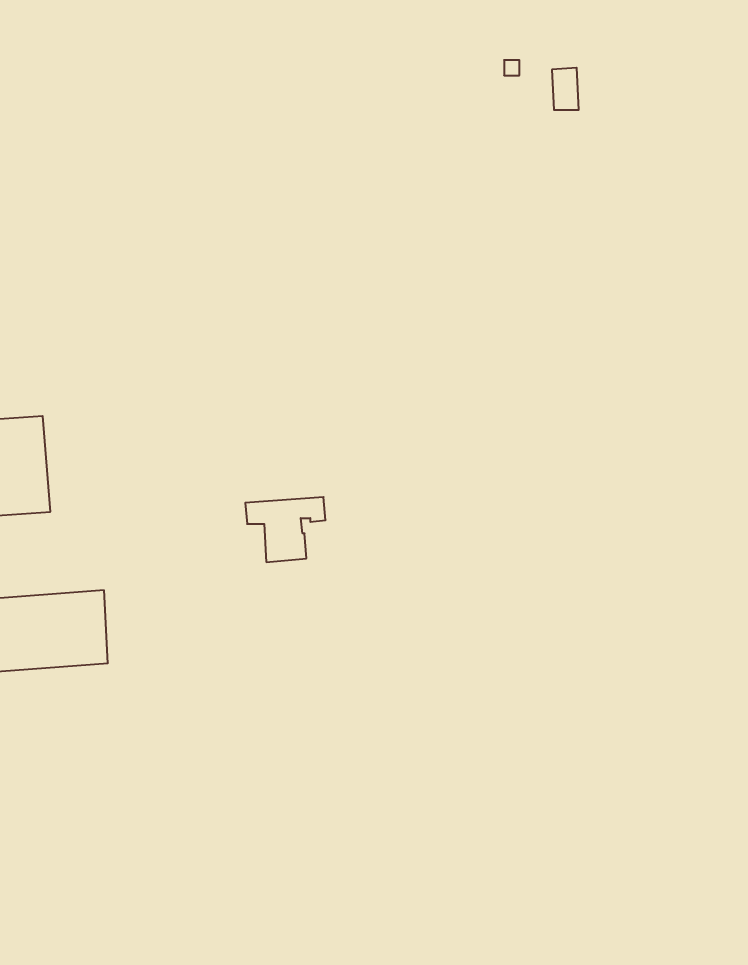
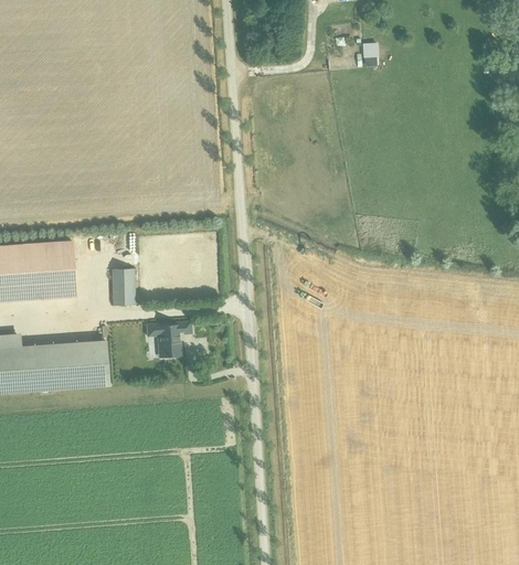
building: none -> [112,268,135,305]
building: [245,497,326,562] -> [146,320,192,358]

